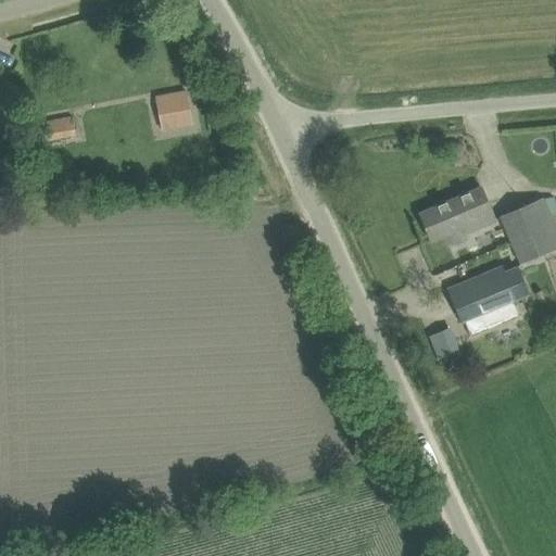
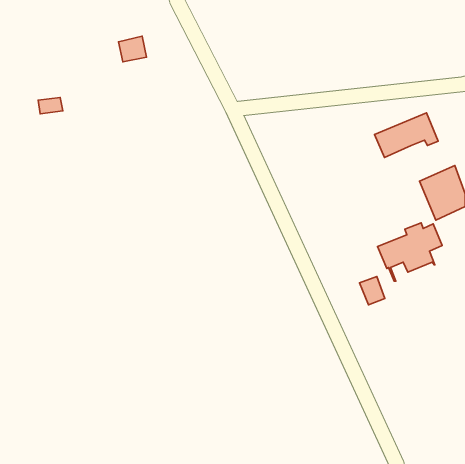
building: [155,89,189,119] -> [118,36,147,62]
building: [419,187,495,240] -> [375,113,438,157]

